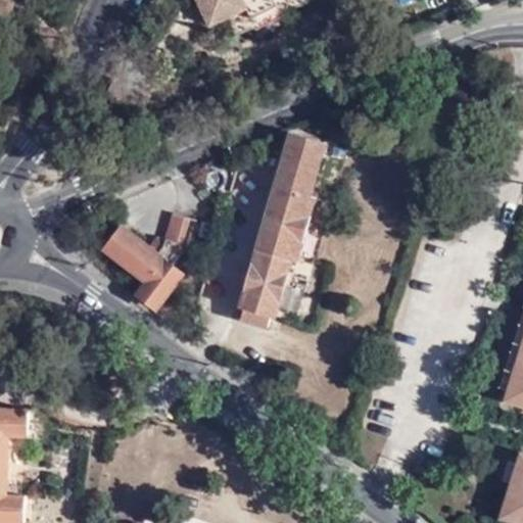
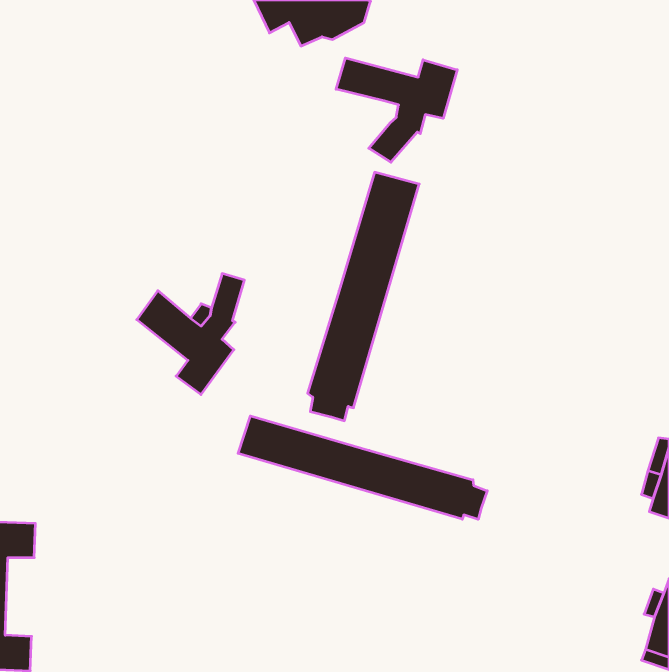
building: none -> [336,58,457,162]
building: none -> [238,416,487,519]

